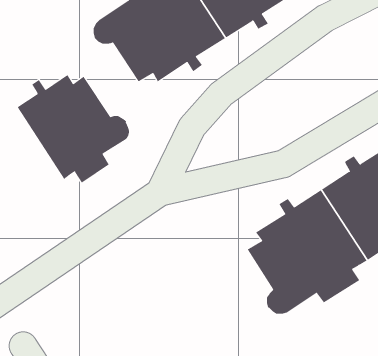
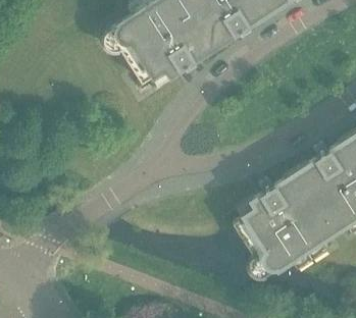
building: [17,74,130,183] -> none

